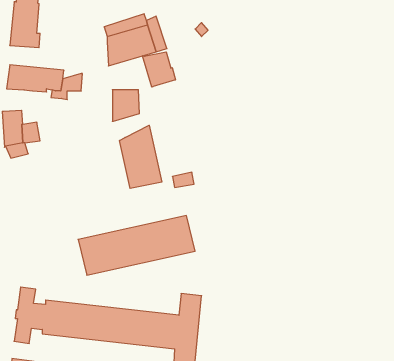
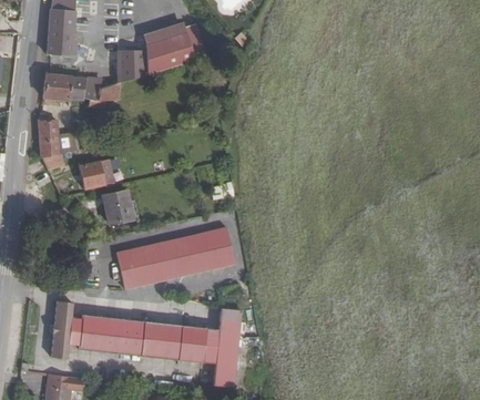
building: [143,52,175,87] -> none
building: [112,90,139,121] -> [119,51,146,83]
building: [120,125,162,188] -> none
building: none -> [76,162,106,189]
building: none -> [102,191,133,224]

